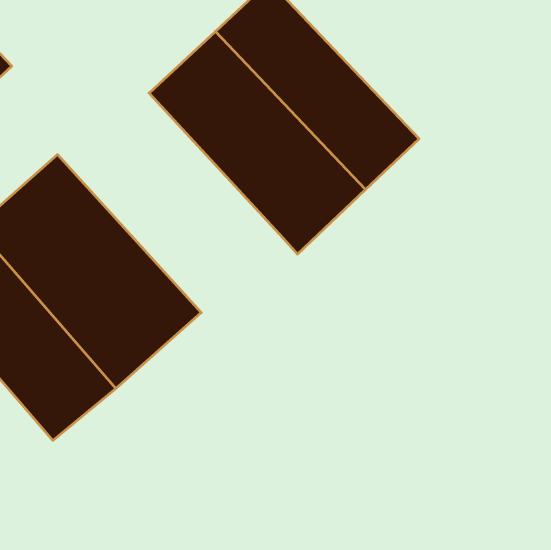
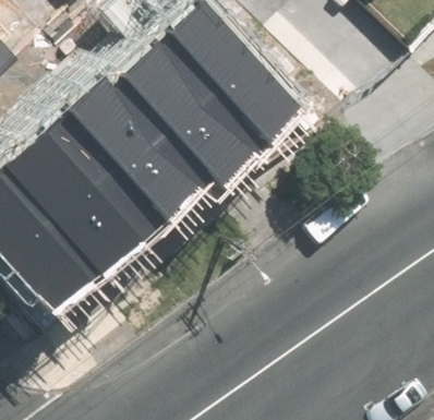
building: none -> [57,76,213,229]

